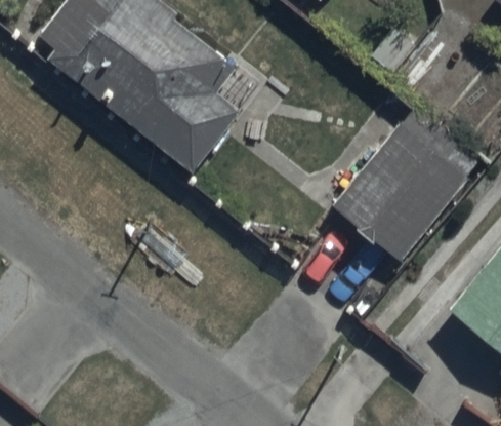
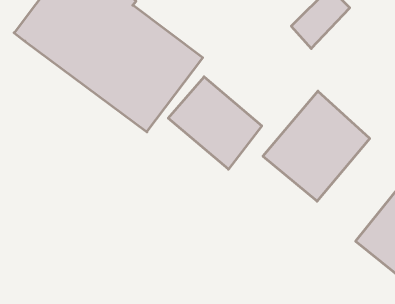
building: none -> [168,77,262,169]

